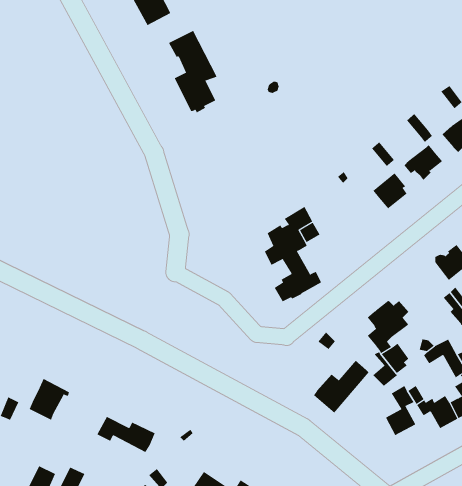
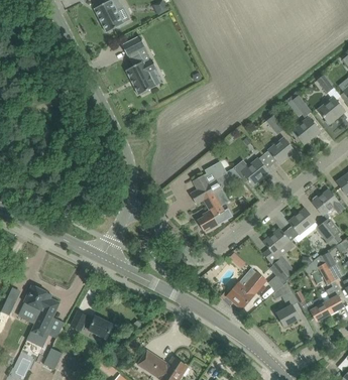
building: none -> [233,157,267,184]
building: none -> [286,208,314,237]
building: none -> [25,296,59,346]

